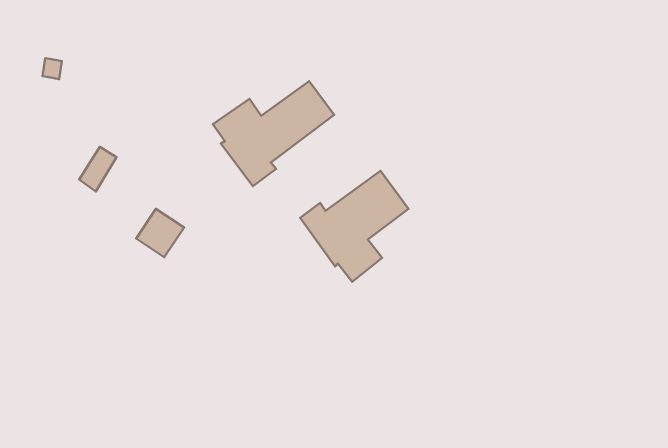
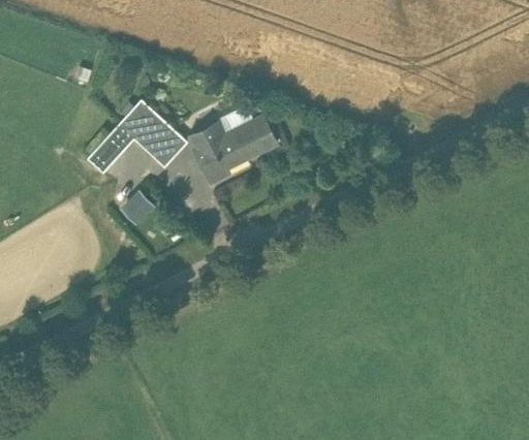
building: none -> [119,101,187,166]
building: [300,171,408,282] -> none

